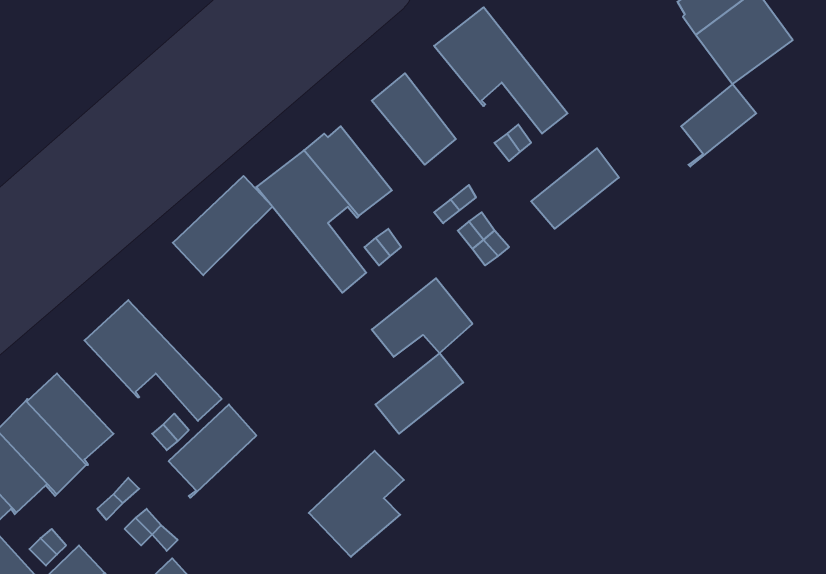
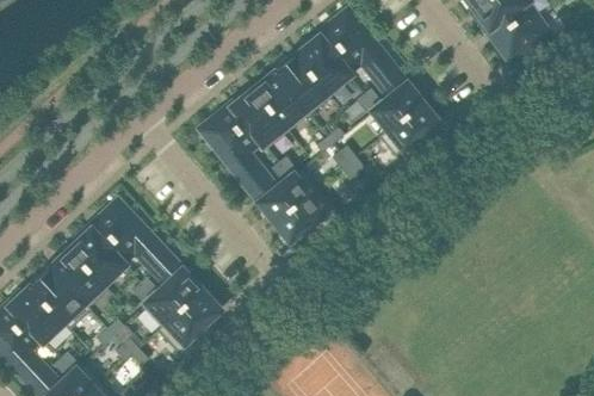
building: none -> [296,37,347,98]
building: [681,84,756,167] -> [372,85,421,138]
building: none -> [254,73,309,131]
building: [173,176,272,275] -> none
building: none -> [69,229,122,290]
building: [375,353,463,434] -> [259,169,316,222]
building: [309,451,404,557] -> [156,291,218,360]

